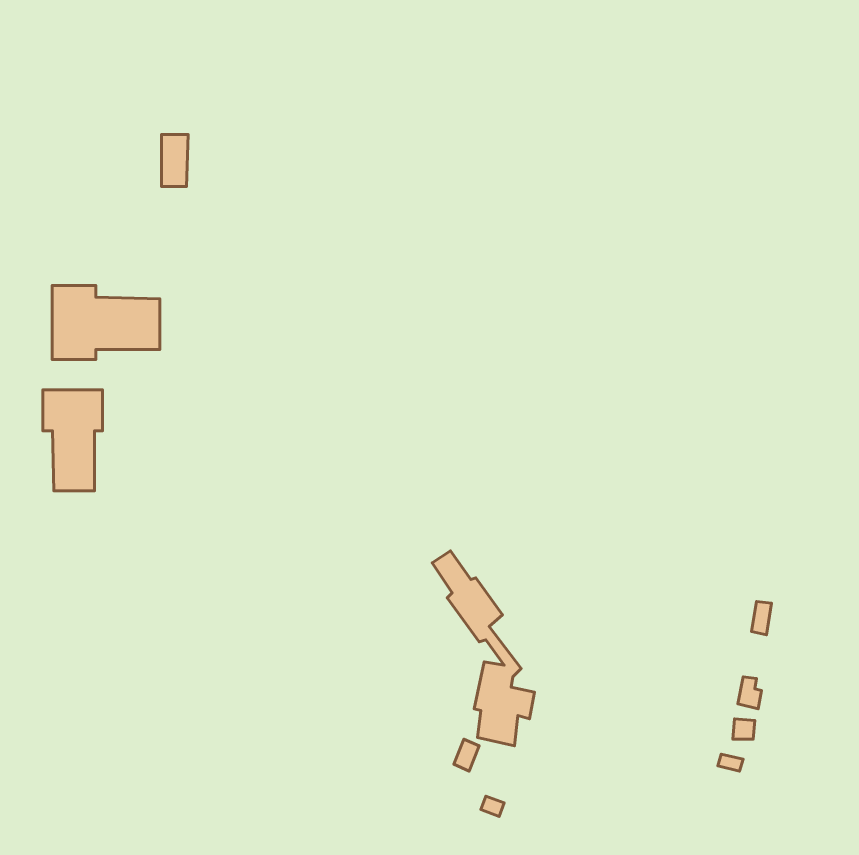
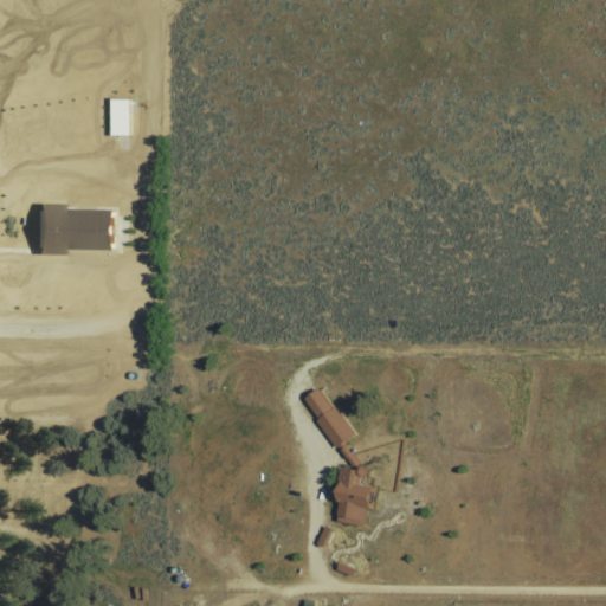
building: [43,390,103,491] -> none

